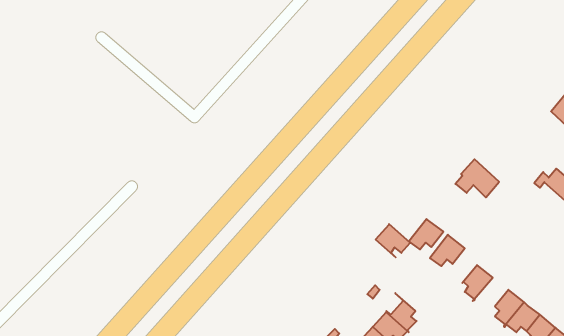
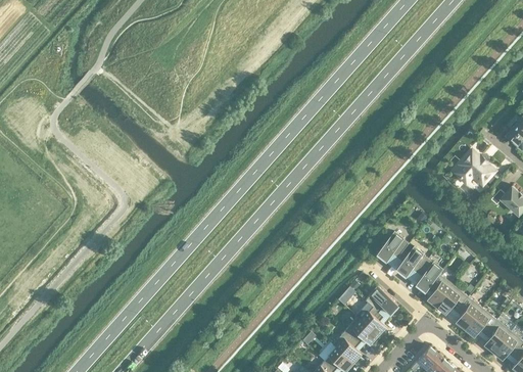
building: [455,159,499,197] -> [455,152,494,187]
building: [376,224,410,257] -> [365,287,396,318]
building: none -> [417,261,442,292]
building: none -> [435,287,468,315]

